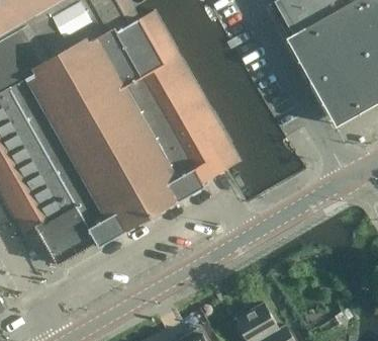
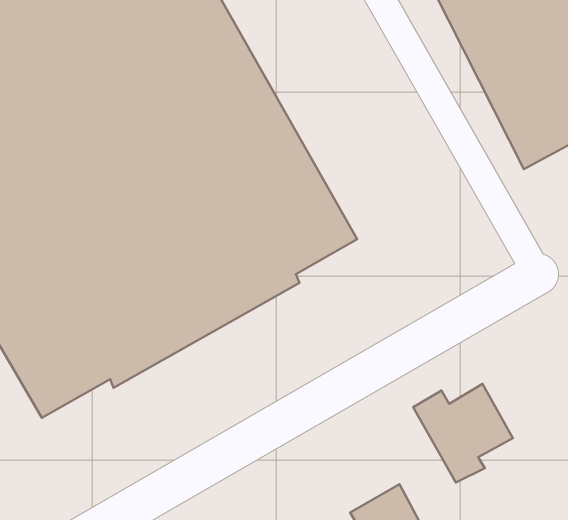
building: none -> [413,384,513,482]

